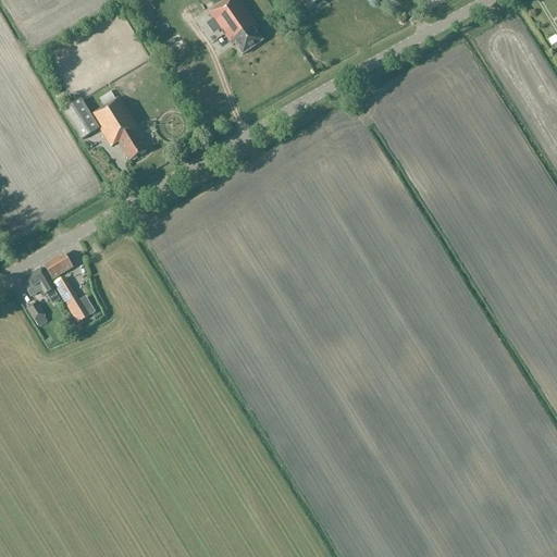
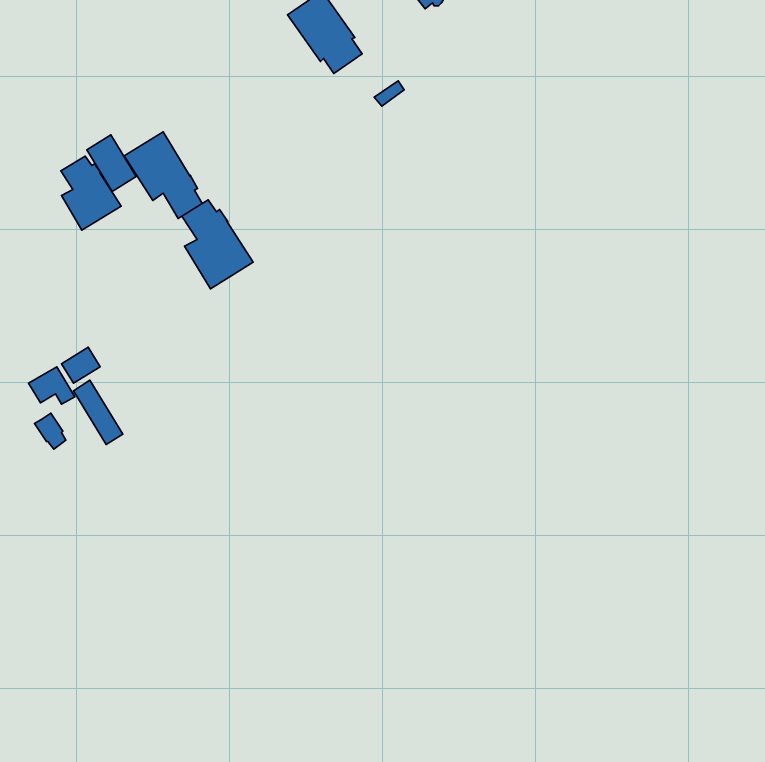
building: none -> [61,156,121,230]
building: none -> [182,200,253,289]

